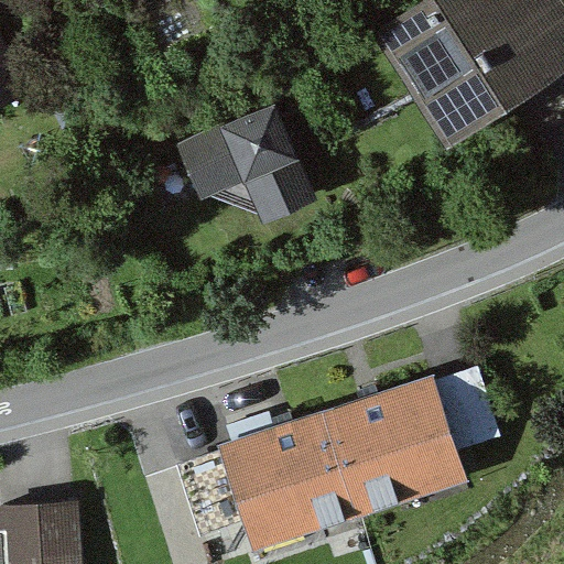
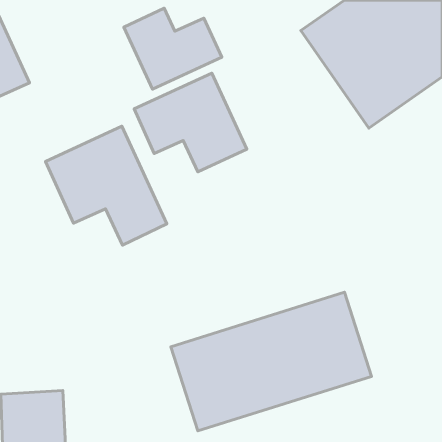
building: none -> [124,8,222,89]
building: none -> [45,126,167,245]

